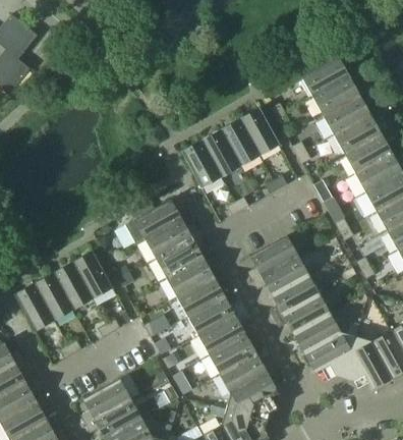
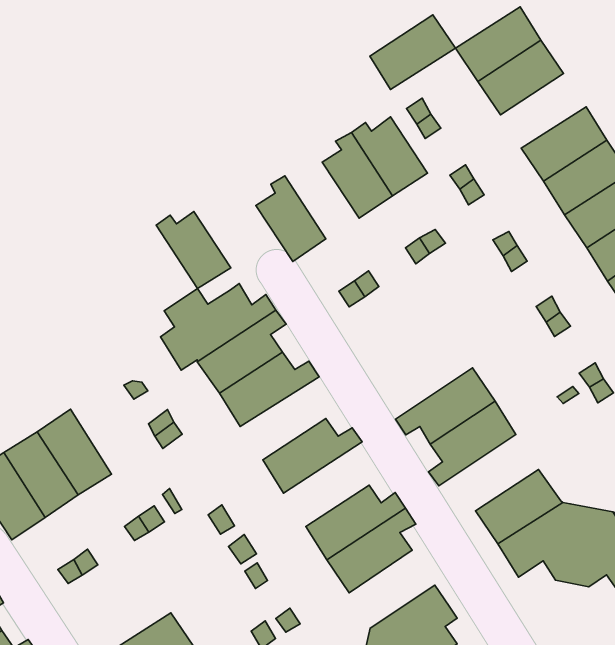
building: [323,95,370,134] -> [370,15,455,90]
building: [200,134,240,177] -> [156,212,231,288]
building: [247,235,297,280] -> none
building: [72,251,113,299] -> none
building: [166,254,216,297] -> none
building: [187,291,238,336] -> none
building: [274,293,330,334] -> none
building: [220,353,268,395] -> none

